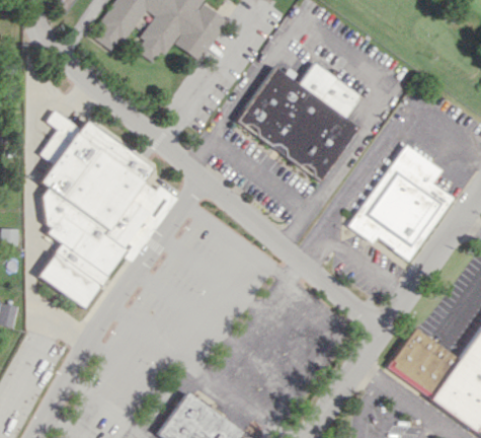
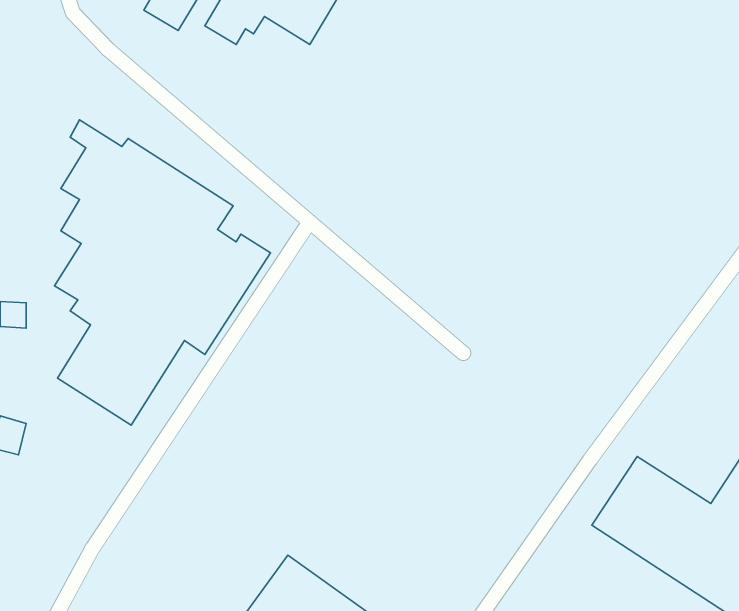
building: [237,64,362,179] -> none
building: [352,144,452,264] -> none

